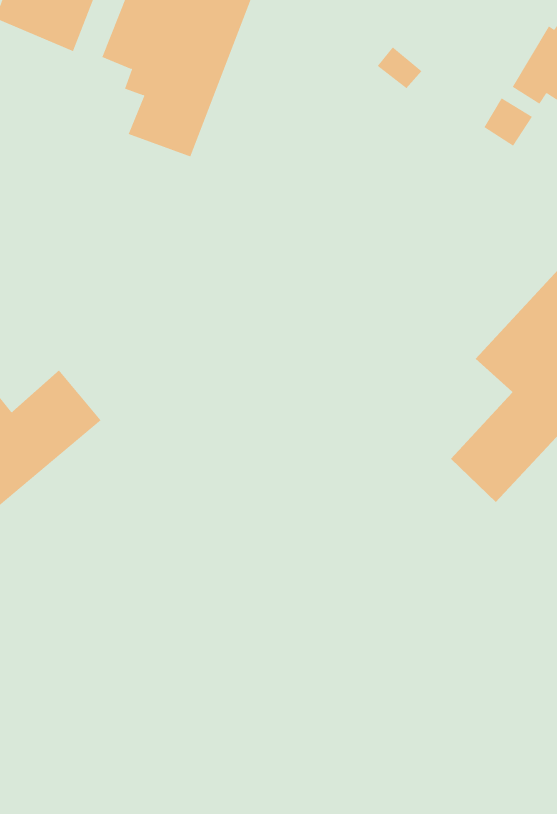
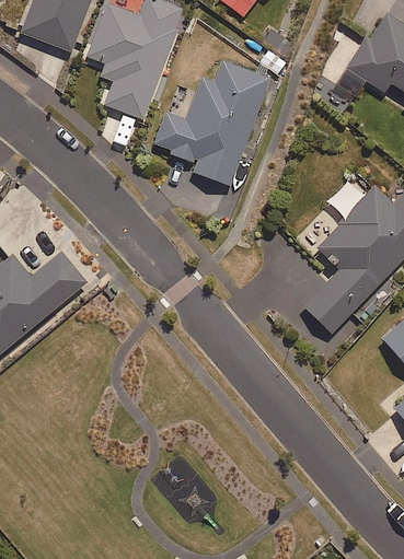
building: none -> [154,59,269,185]

